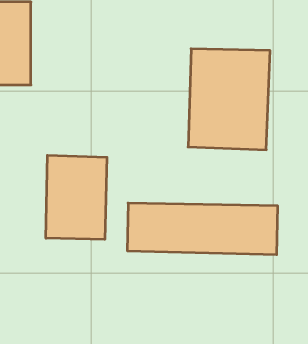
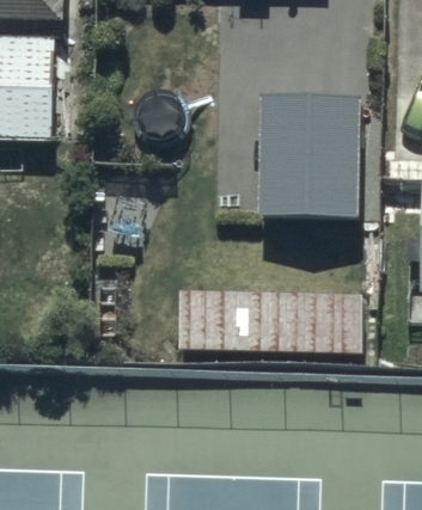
building: [46,155,107,239] -> none

